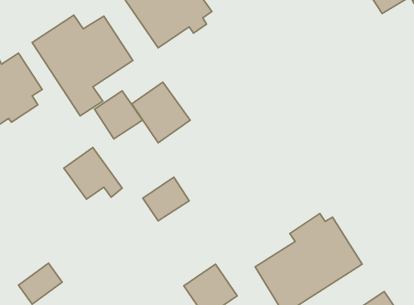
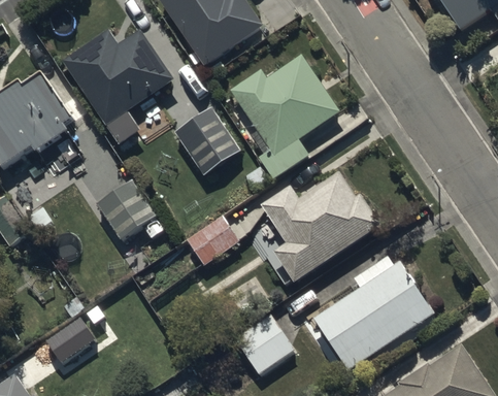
building: none -> [231,56,338,180]
building: [94,91,143,139] -> none
building: none -> [262,172,383,285]

